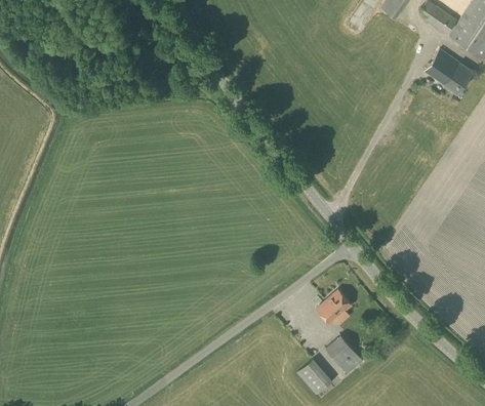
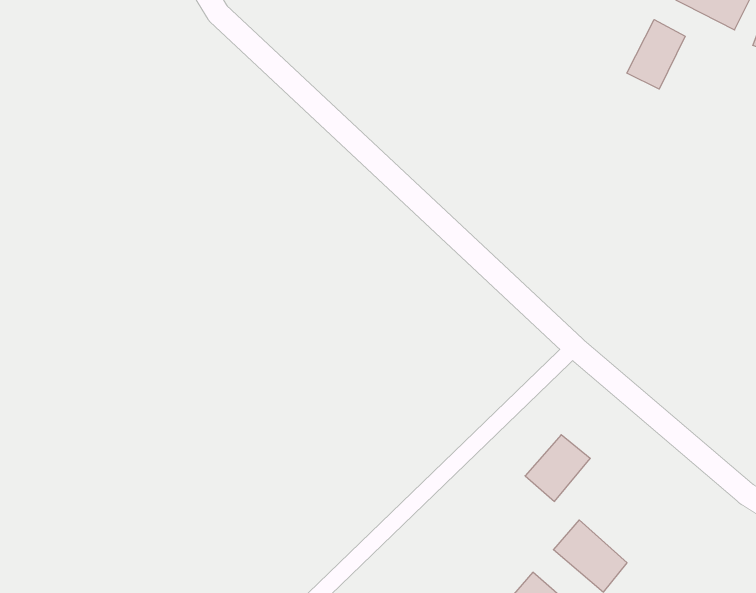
building: none -> [627,20,685,89]

